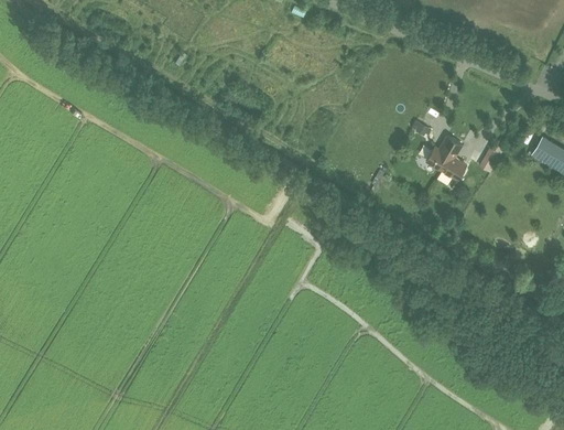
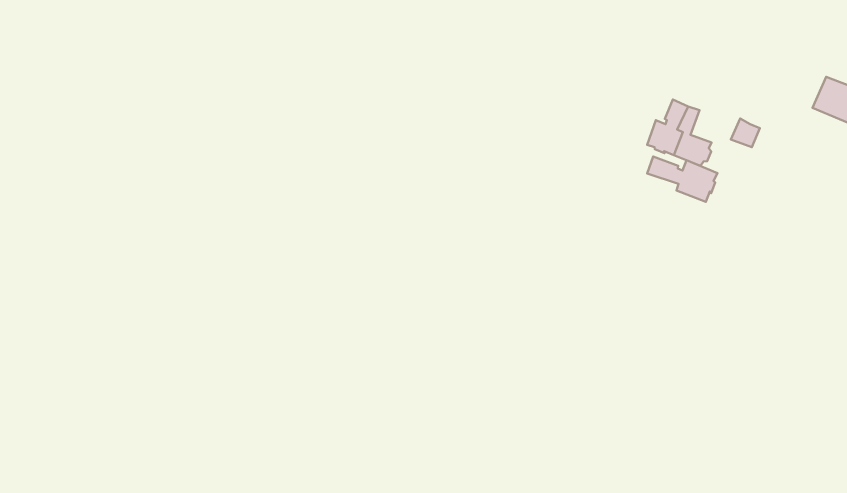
building: none -> [647,156,717,202]

